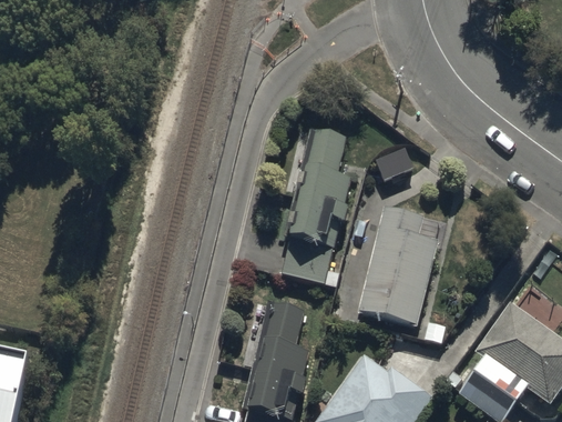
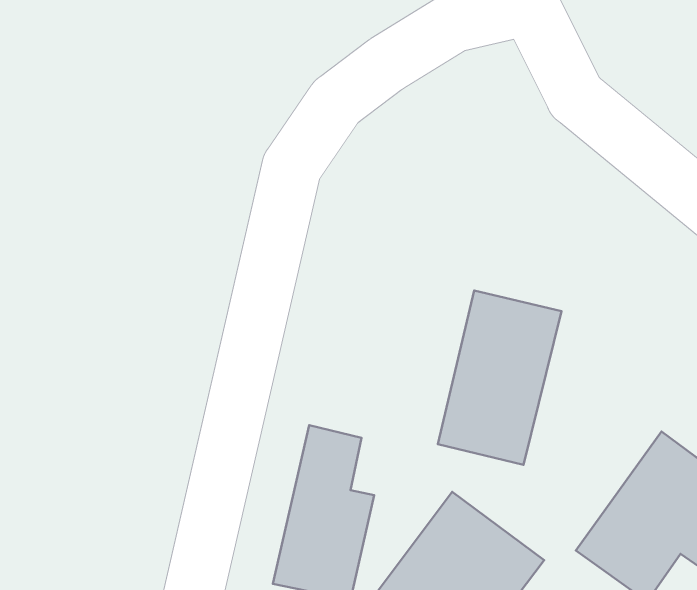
building: [278,131,354,287] -> none

